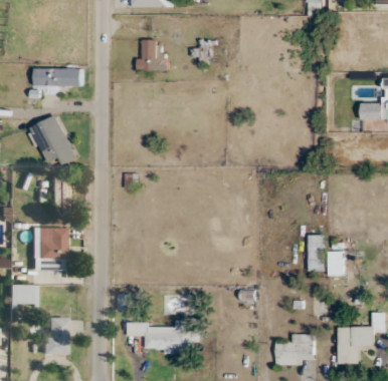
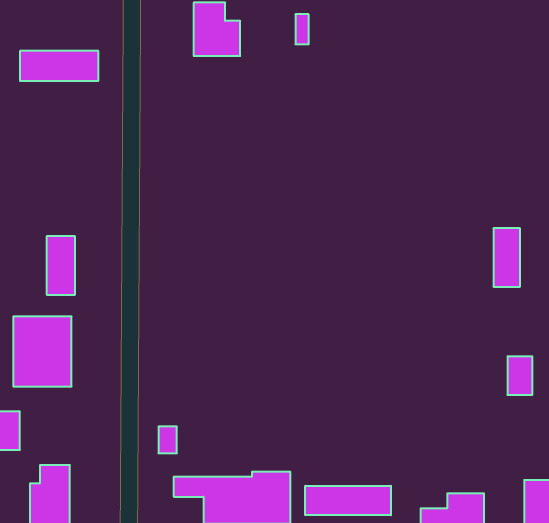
building: [31,115,77,165] -> none
building: [308,236,324,271] -> [493,228,520,287]
building: none -> [305,486,391,515]

